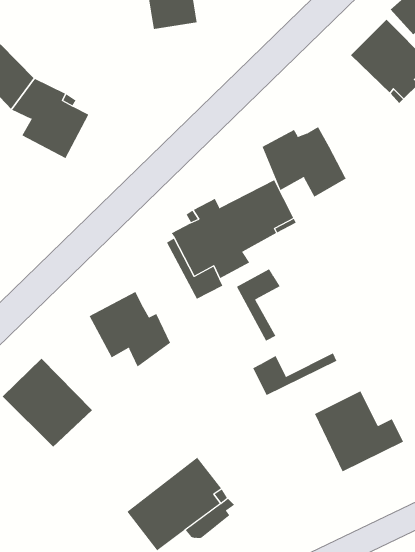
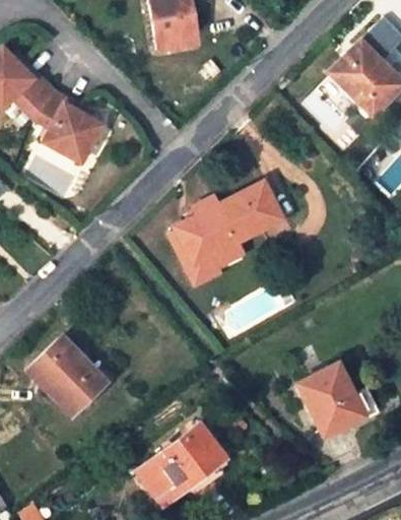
building: [262,126,347,198] -> none
building: [236,268,280,341] -> none
building: [89,291,171,367] -> none
building: [253,352,337,396] -> none

